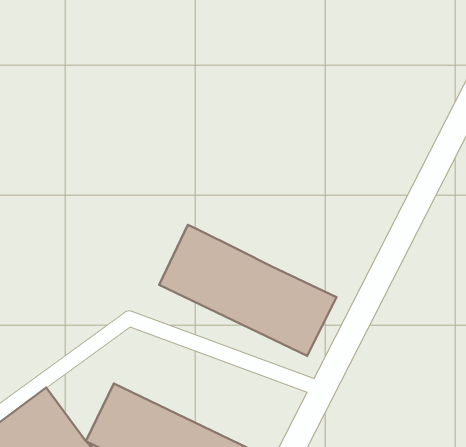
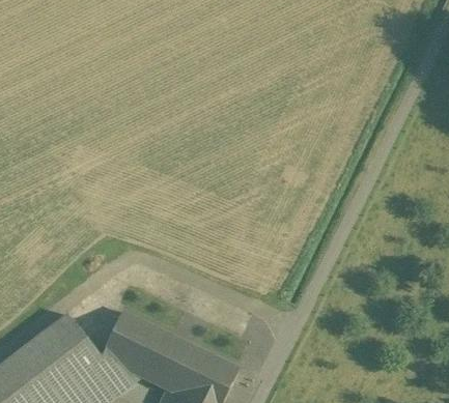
building: [159,225,336,356] -> none

